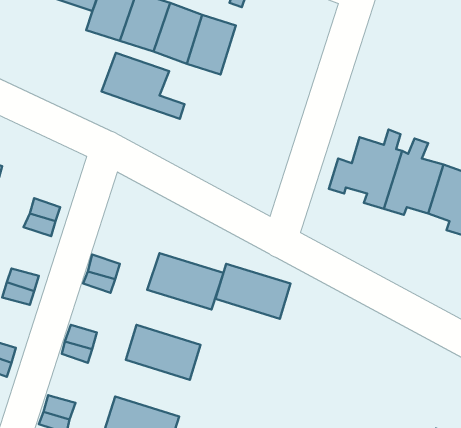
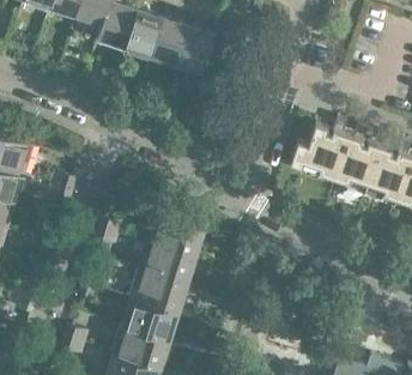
building: [101,53,184,119] -> none
building: [216,264,290,319] -> [137,246,195,289]
building: none -> [120,301,178,345]

